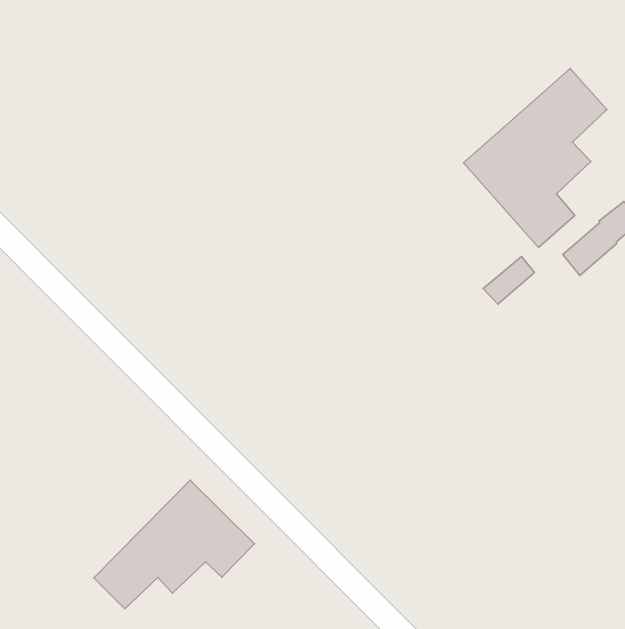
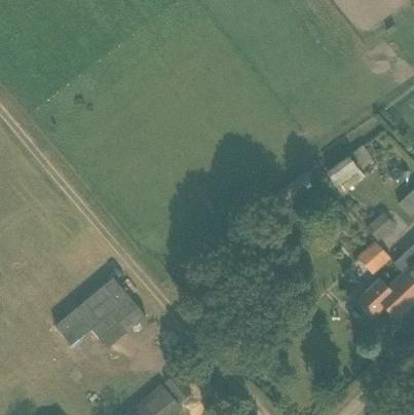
building: [464,69,607,248] -> none

